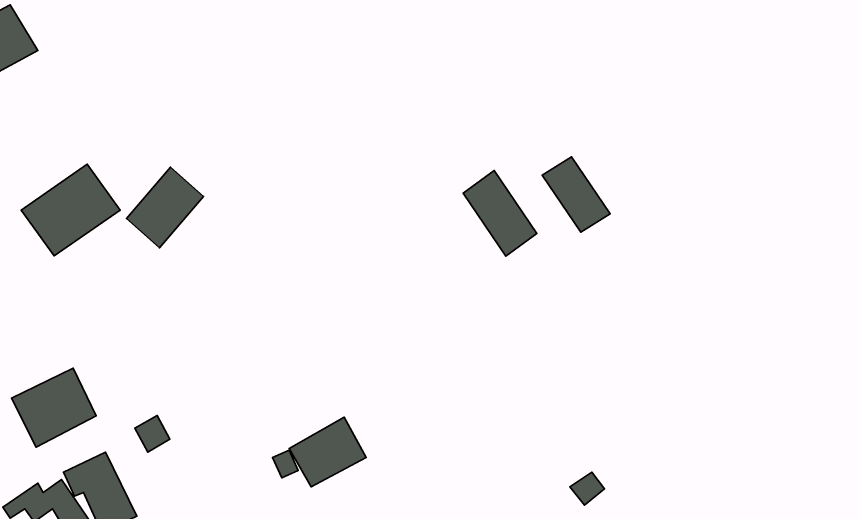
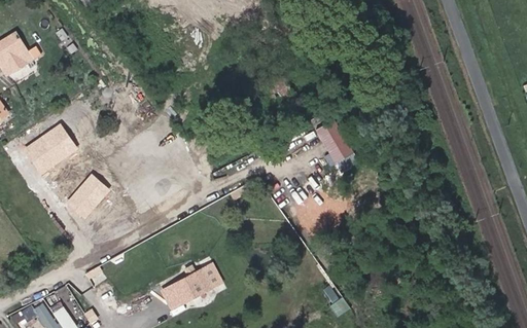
building: [126,167,203,248] -> [66,174,109,219]
building: [463,171,537,256] -> none
building: [11,368,96,447] -> none

